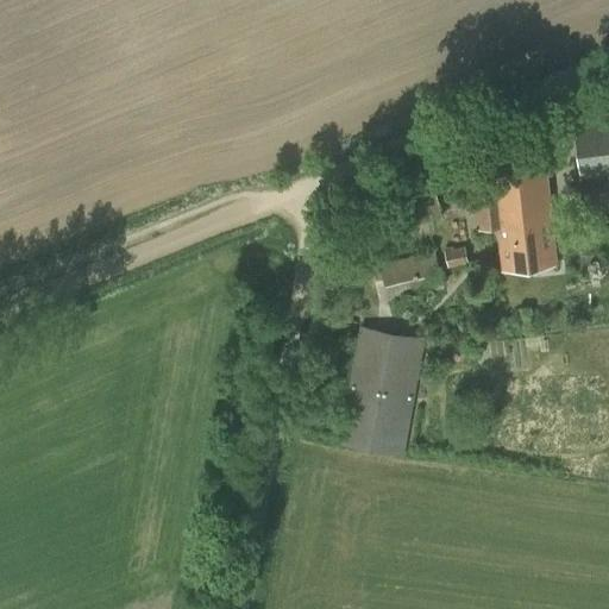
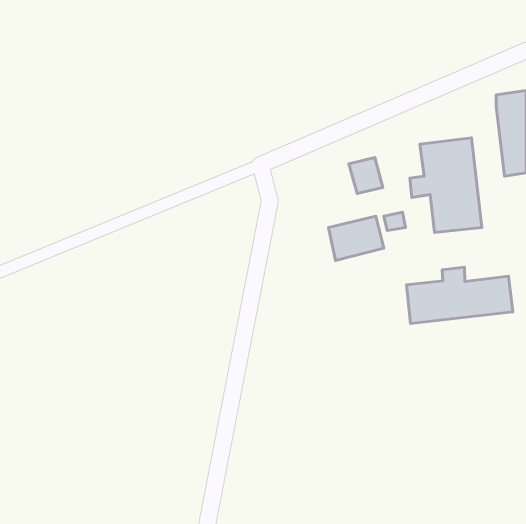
building: none -> [406,267,513,324]
building: [339,328,425,457] -> none

